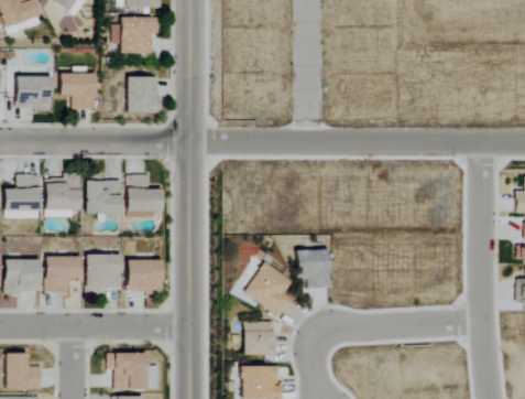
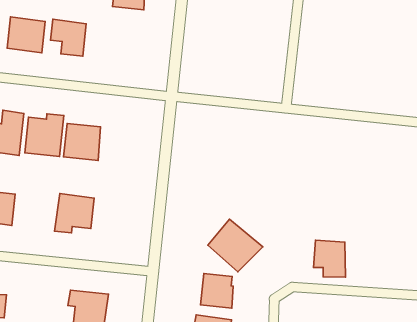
building: [127,76,162,112] -> none
building: [127,173,164,216] -> none
building: [297,249,332,288] -> [314,240,345,277]
building: [45,256,80,292] -> none
building: [127,259,164,292] -> none

